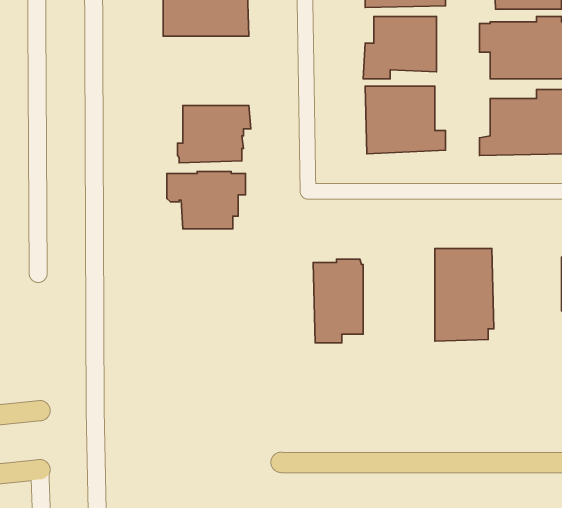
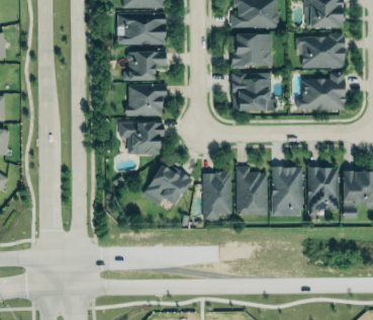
building: none -> [123,53,166,82]
building: none -> [143,160,193,205]
building: none -> [307,164,339,216]
building: none -> [236,165,268,215]

